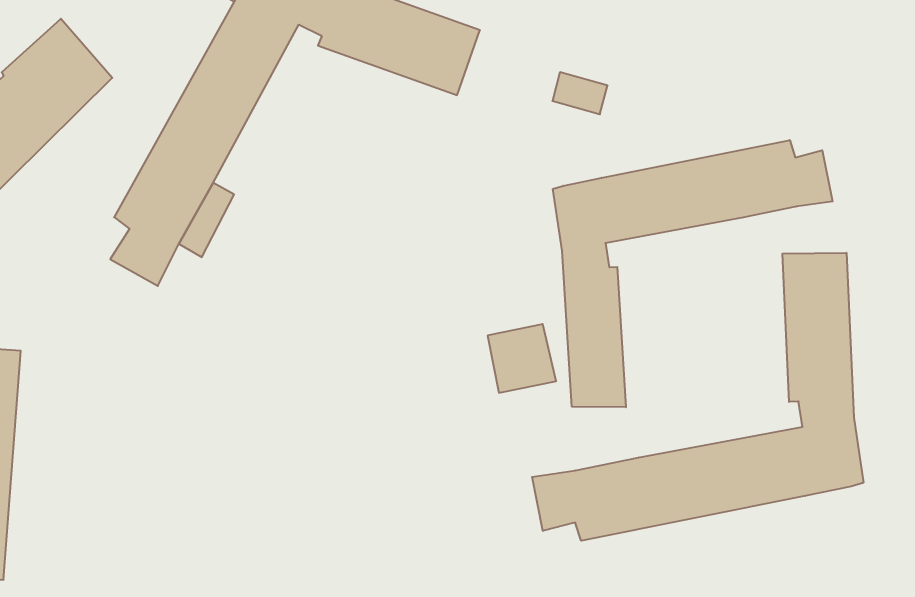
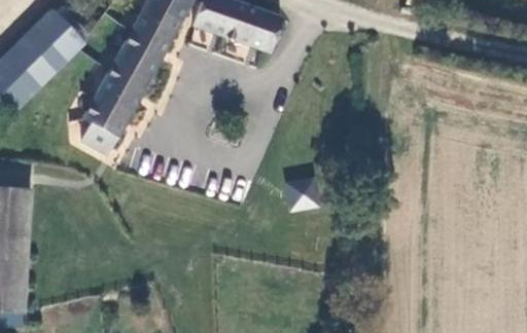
building: [553,140,833,407] -> none
building: [532,253,863,541] -> none

